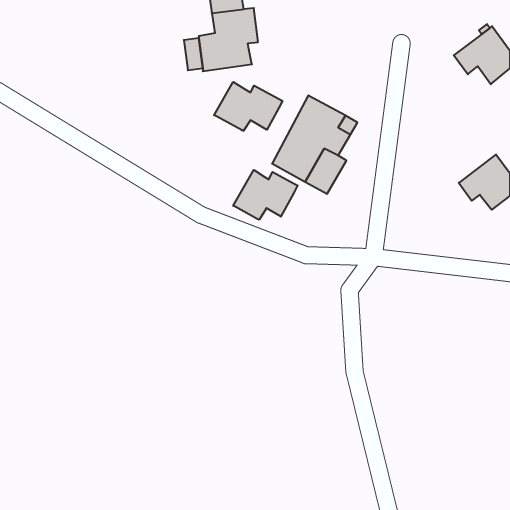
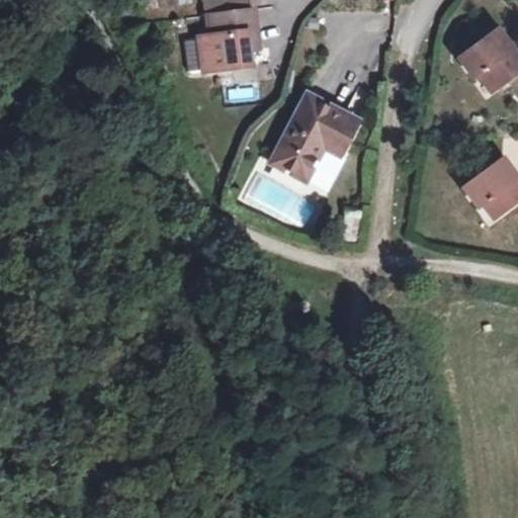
building: [214,82,282,131] -> none
building: [233,170,298,220] -> none

